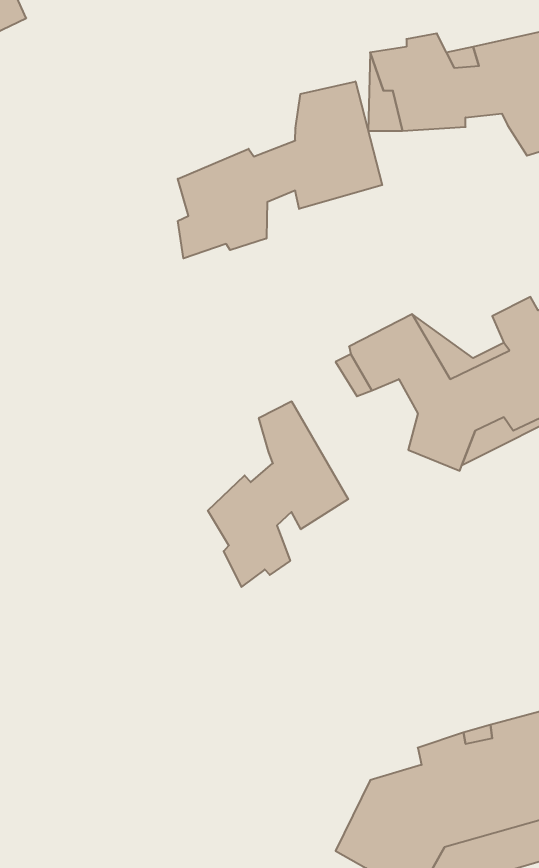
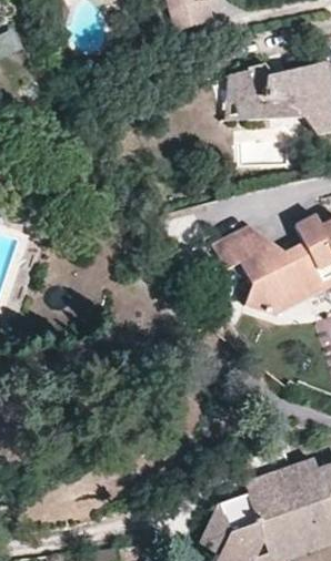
building: [178,81,382,258] -> none
building: [208,401,348,587] -> none

